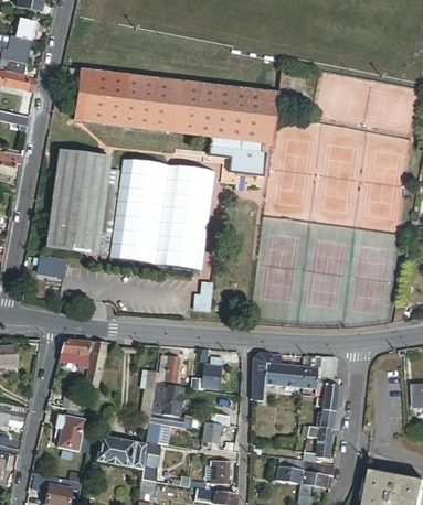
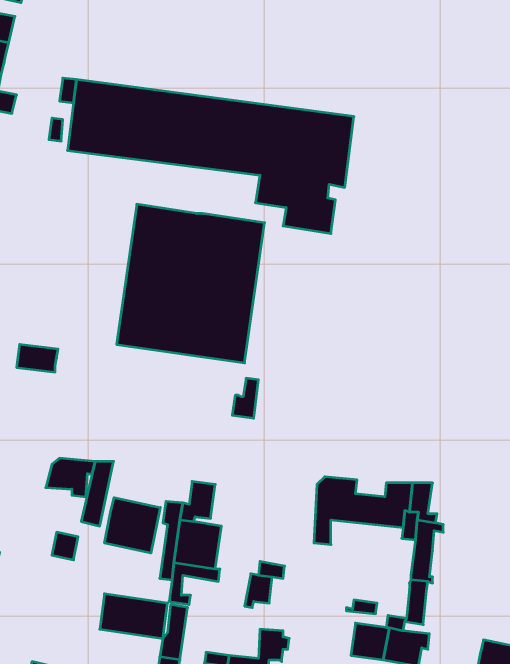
building: [45,149,119,254] -> none
building: [198,357,222,388] -> none
building: none -> [105,498,160,553]
building: [55,415,85,451] -> none

